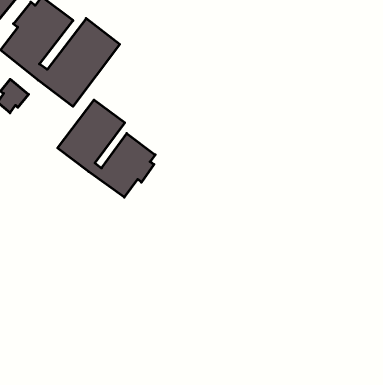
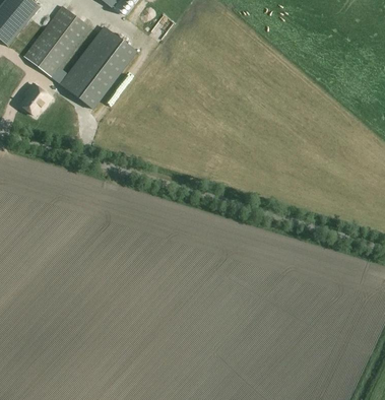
building: [58,100,155,197] -> none

